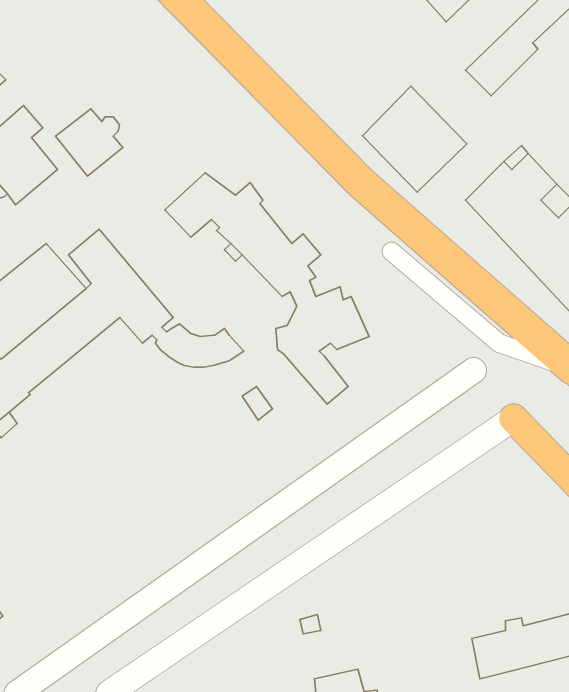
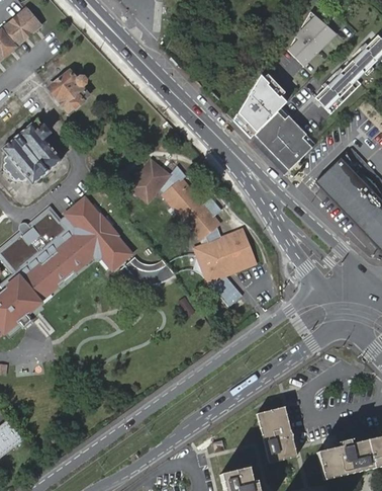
building: none -> [233,74,286,137]
building: [55,109,123,176] -> [47,69,90,111]
building: none -> [258,410,298,466]

